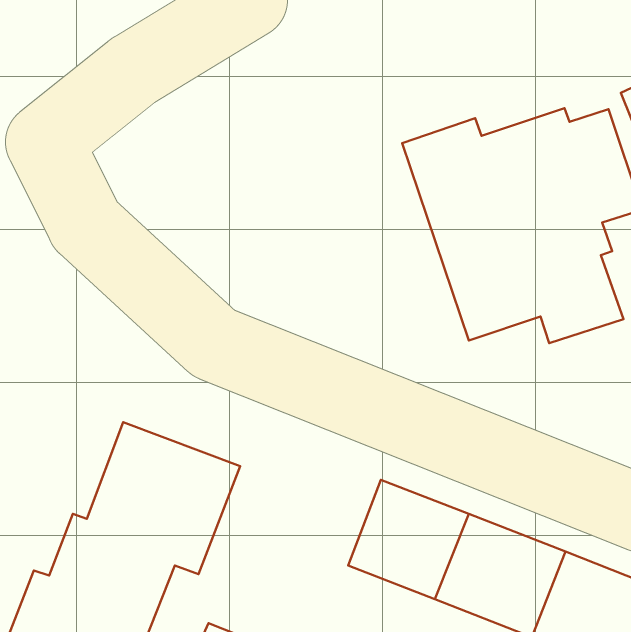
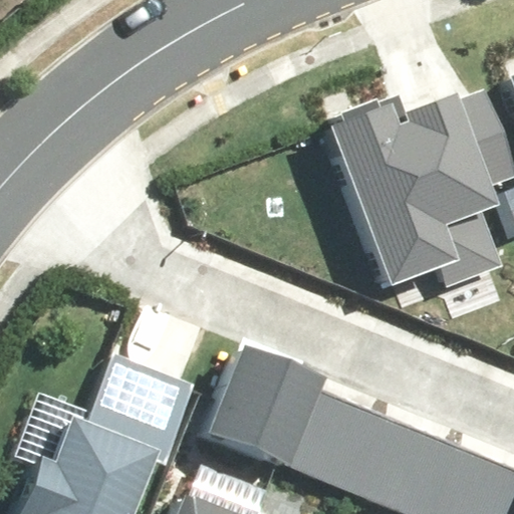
building: none -> [201,348,317,468]

